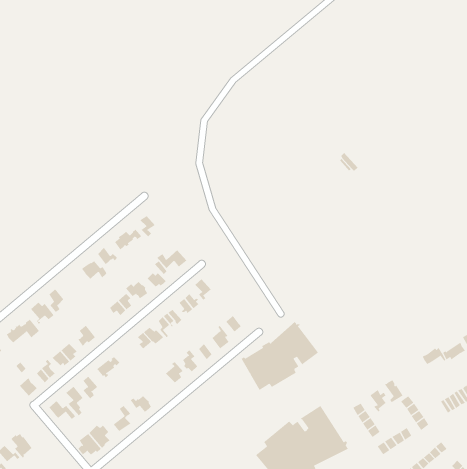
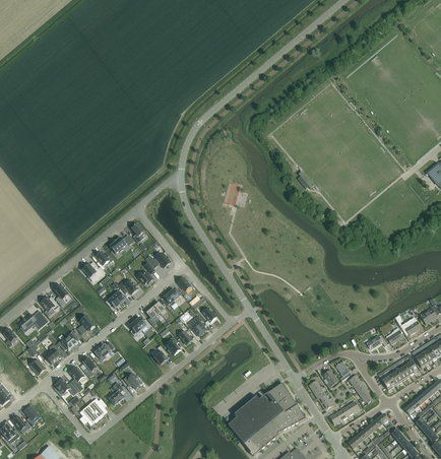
building: [241,321,319,391] -> none

